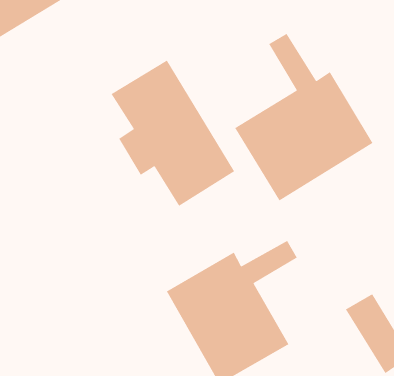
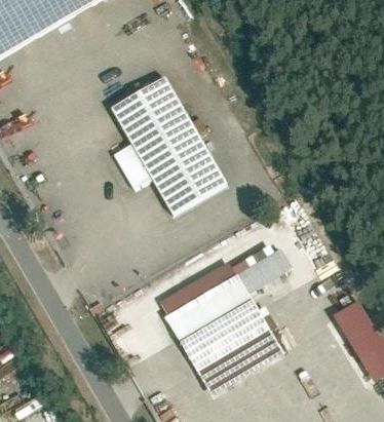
building: [234,33,374,202] -> none

